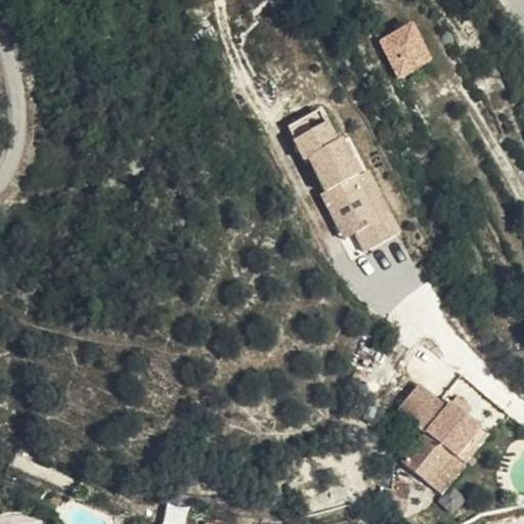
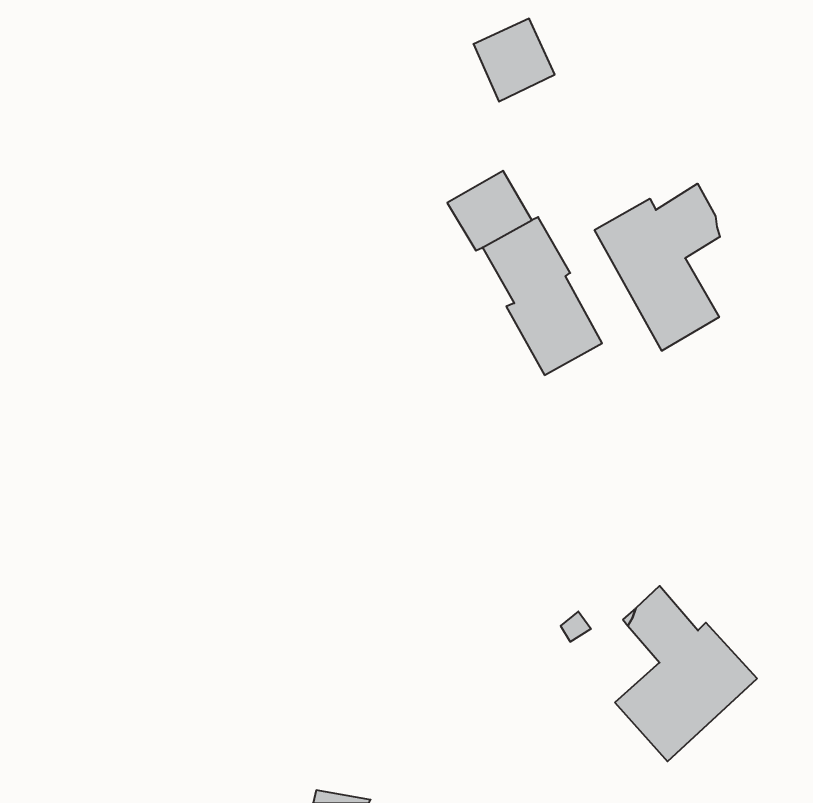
building: [380,30,432,83] -> [473,19,555,102]
building: none -> [595,184,720,351]

